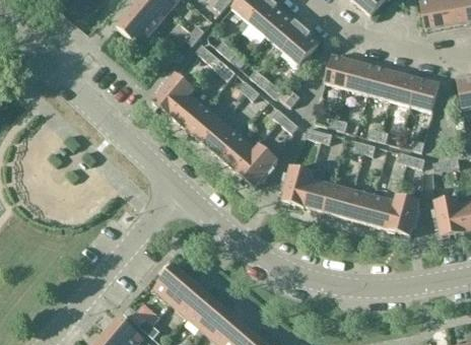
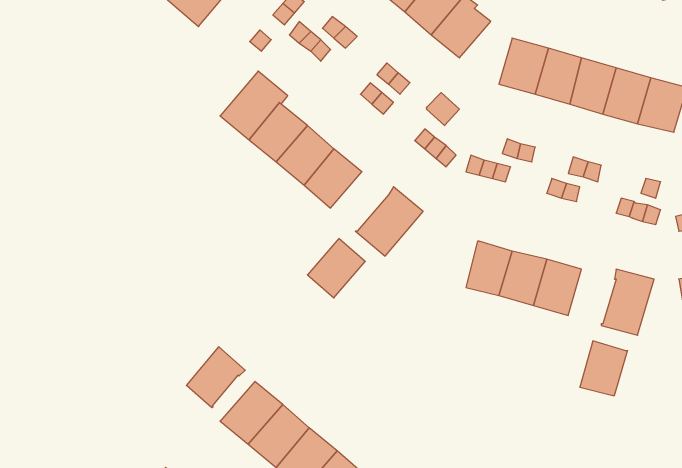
building: [220,135,256,171] -> [307,239,365,298]
building: [281,165,313,207] -> none
building: [366,195,396,228] -> [580,341,628,395]
building: none -> [186,347,245,408]

